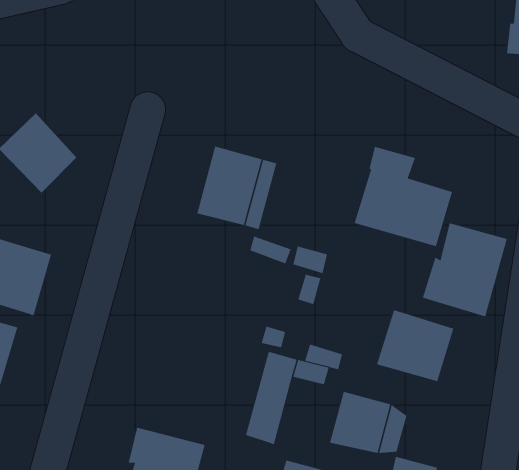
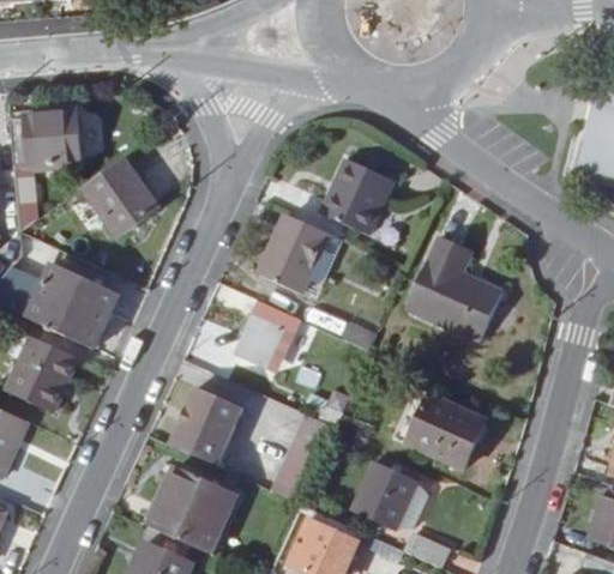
building: none -> [321,159,393,234]
building: [422,223,508,317] -> none
building: none -> [235,300,290,368]
building: none -> [170,389,240,464]

